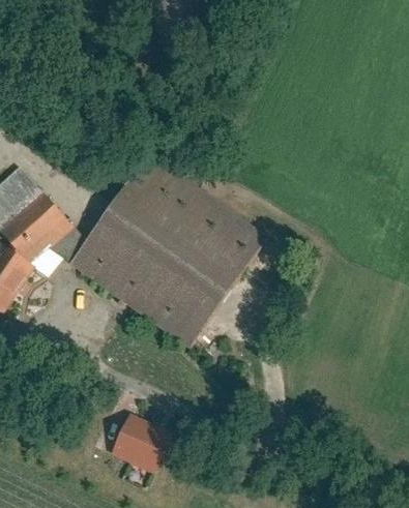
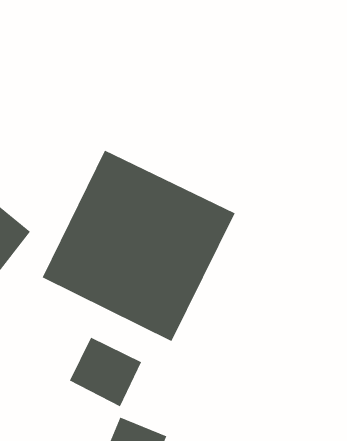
building: none -> [69,337,142,407]

